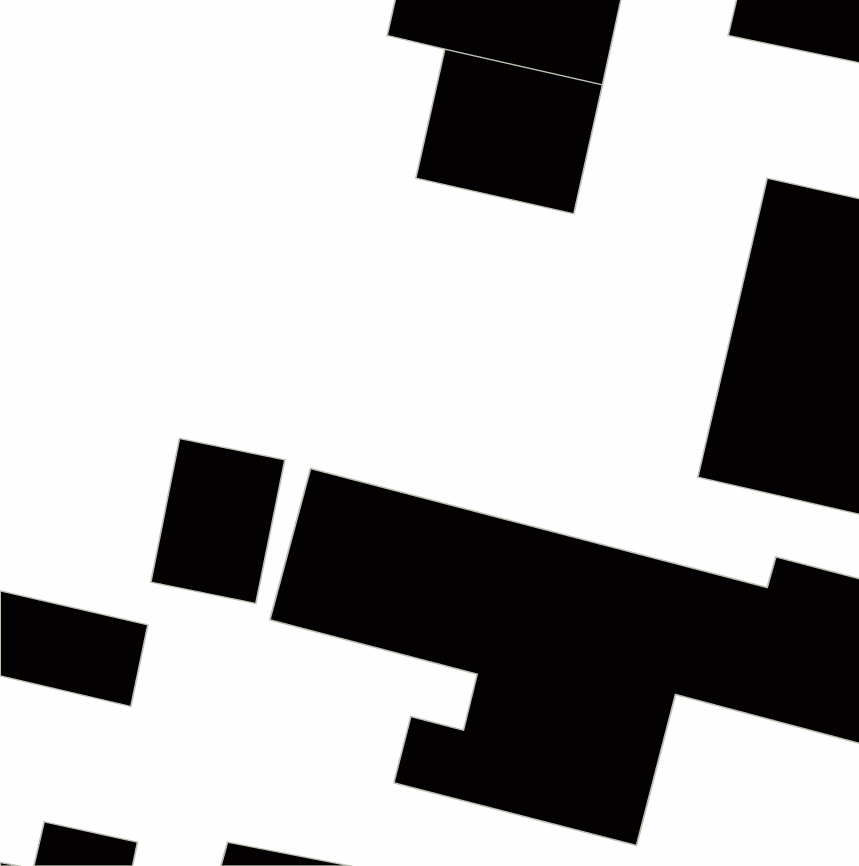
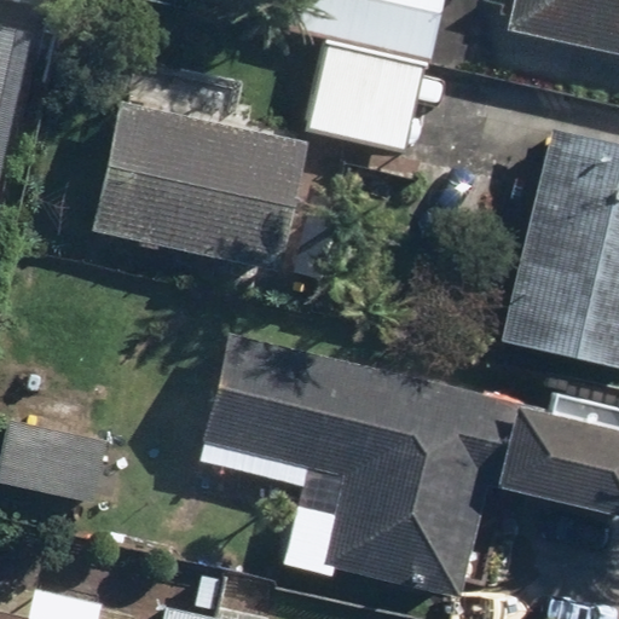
building: none -> [86,103,313,276]
building: [151,438,285,603] -> none

